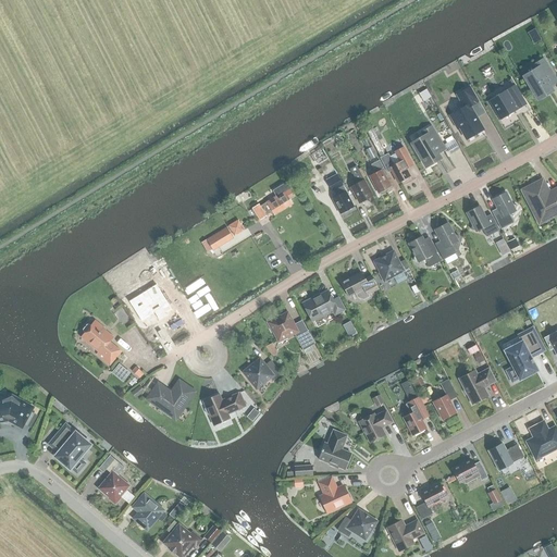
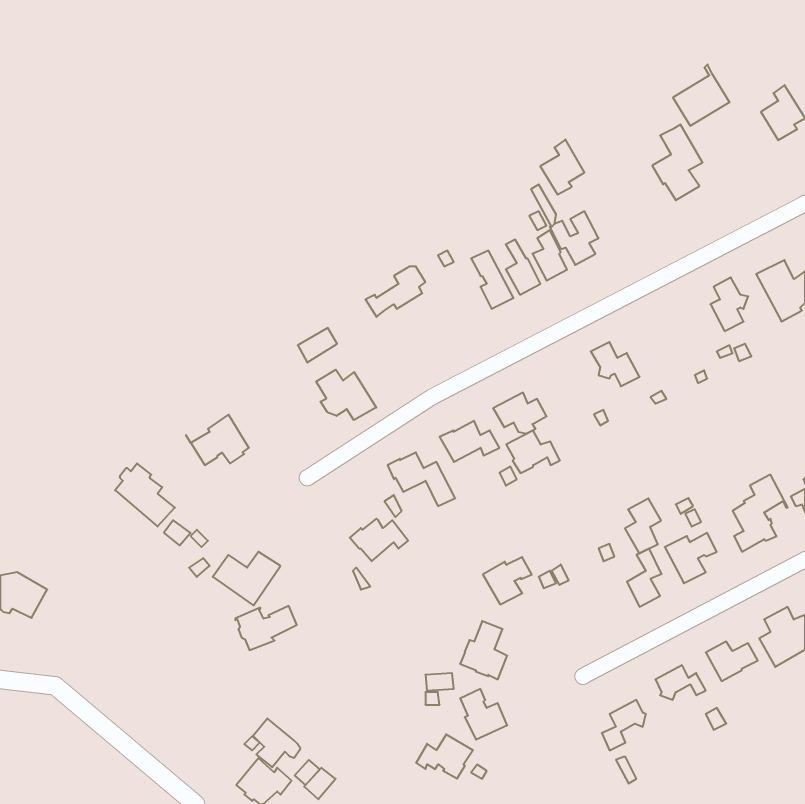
building: [487,77,527,120] -> [673,64,730,126]
building: [412,125,443,163] -> [540,139,584,195]
building: [467,206,499,236] -> none
building: [434,222,458,259] -> none
building: [374,251,411,281] -> [506,430,560,473]
building: none -> [316,370,376,420]
building: [202,392,245,422] -> [235,606,297,650]
building: [403,396,428,434] -> [625,498,661,554]
building: [358,409,392,442] -> [483,557,532,604]
building: [51,424,88,473] -> none
building: [98,455,128,503] -> none
building: [134,494,166,528] -> [253,718,300,767]
building: [337,509,376,540] -> [416,734,473,779]
building: [386,519,423,548] -> none

